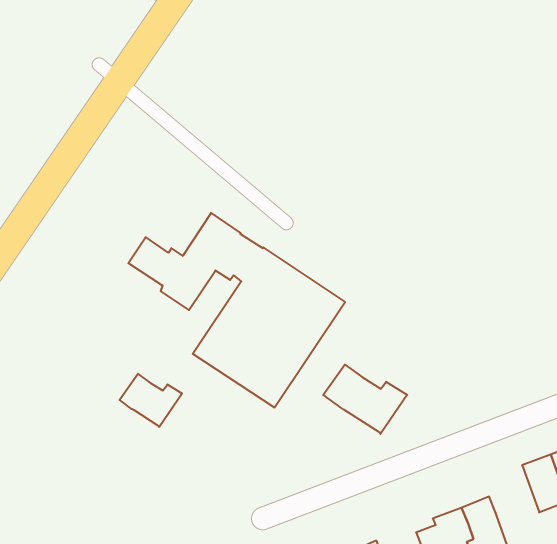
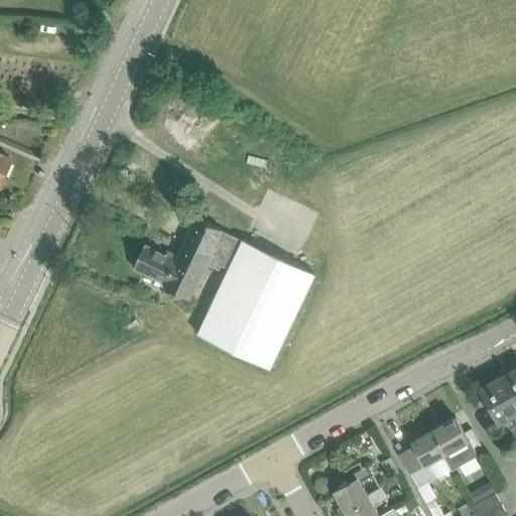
building: [323,365,407,434] -> none
building: [120,374,182,427] -> none

